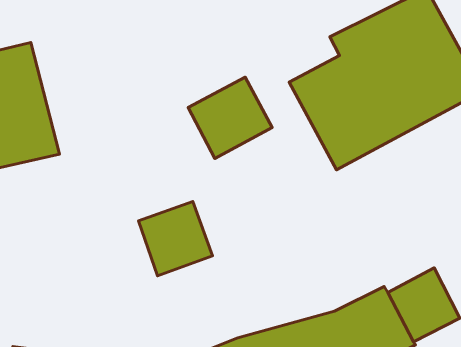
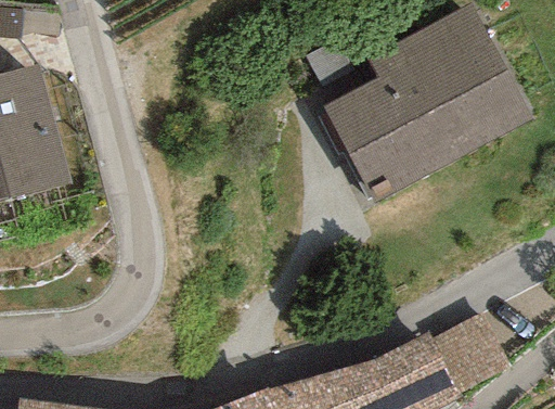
building: [188,77,272,159] -> none
building: [139,201,213,276] -> none

